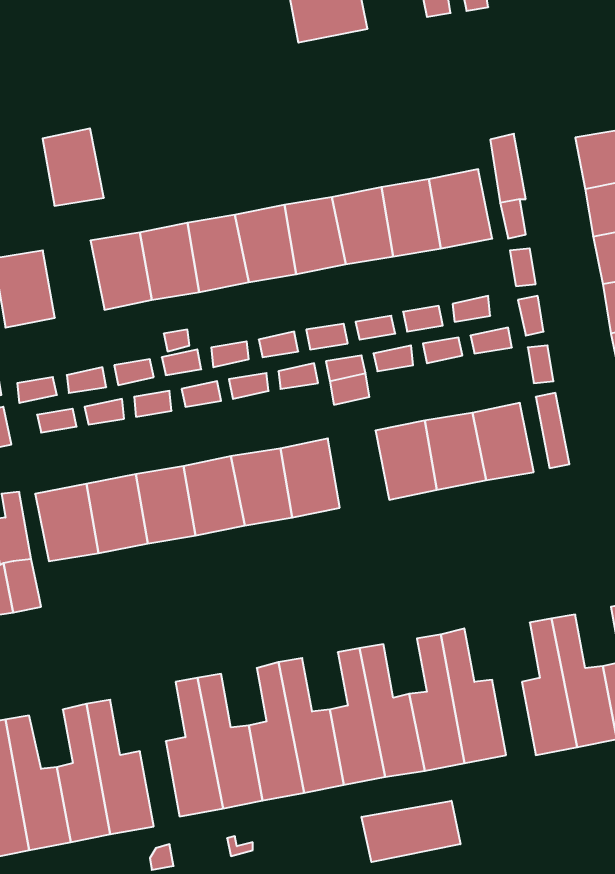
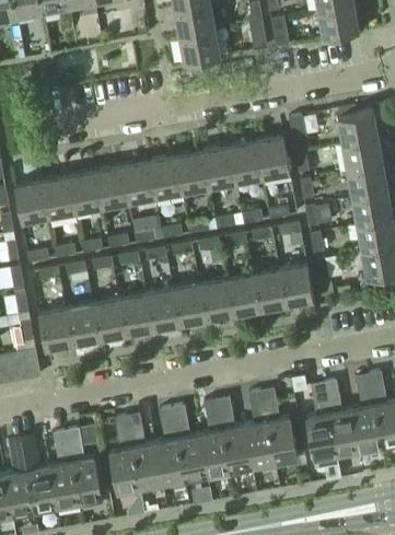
building: [43,128,104,206] -> [42,174,75,217]
building: none -> [199,279,233,322]
building: [362,801,460,862] -> none

